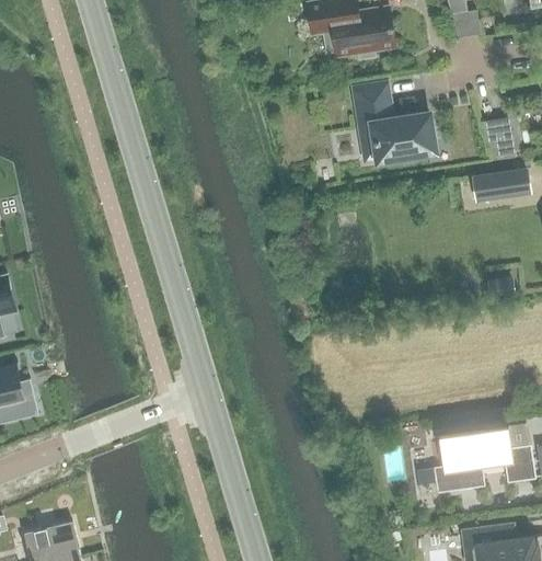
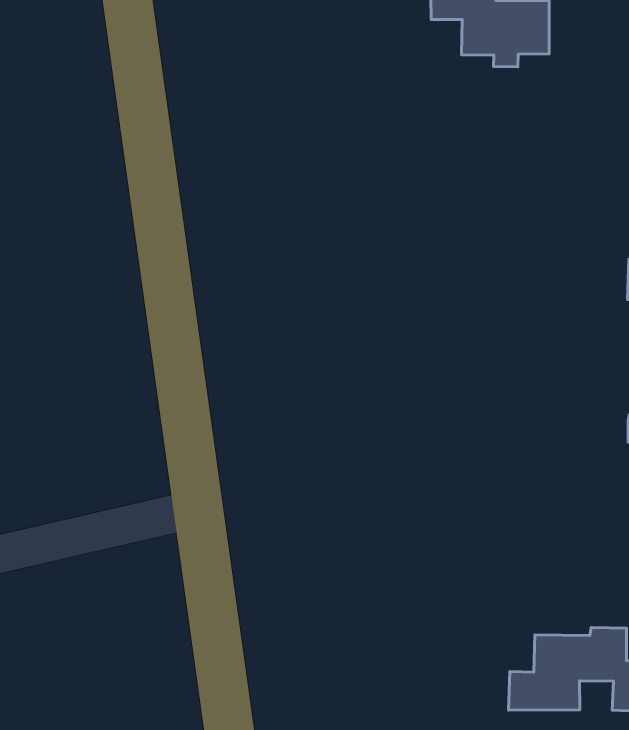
building: [354,87,435,161] -> none

